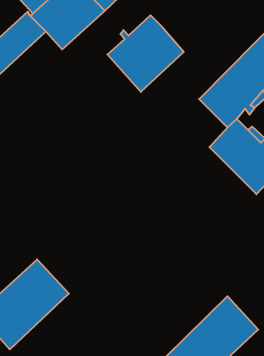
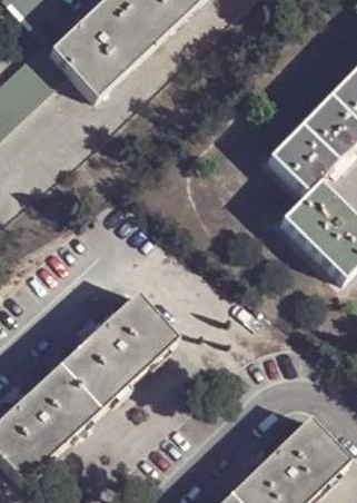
building: [107,15,184,92] -> none
building: none -> [59,297,176,413]

